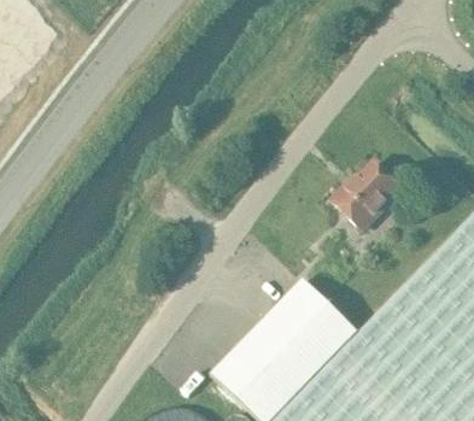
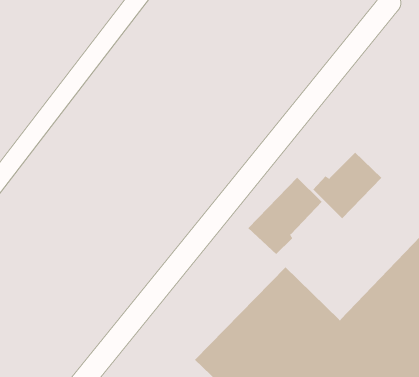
building: none -> [248,177,322,255]

